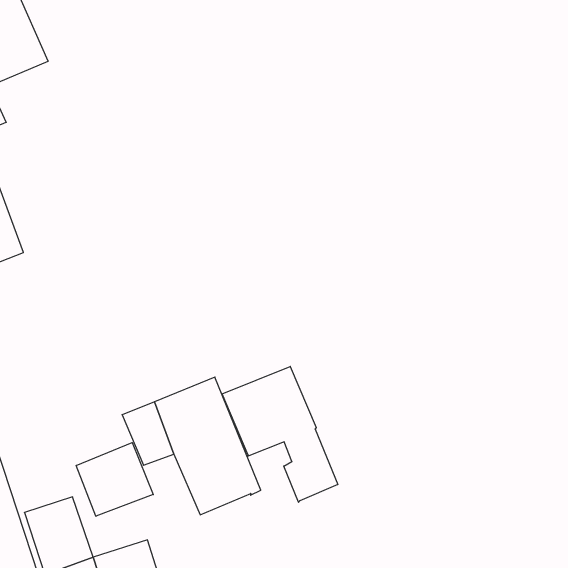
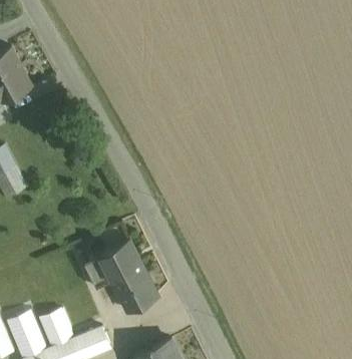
building: [222,366,338,502] -> none
building: [76,443,153,516] -> none

